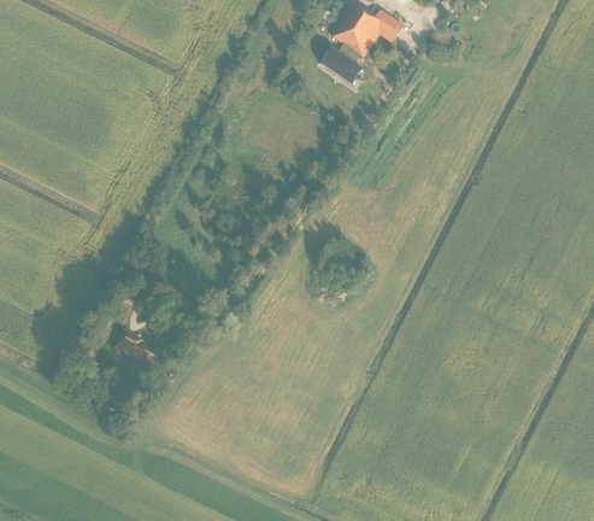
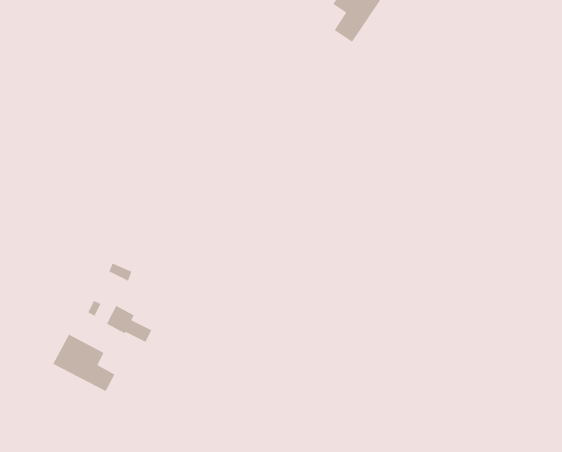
building: none -> [52,334,115,392]

